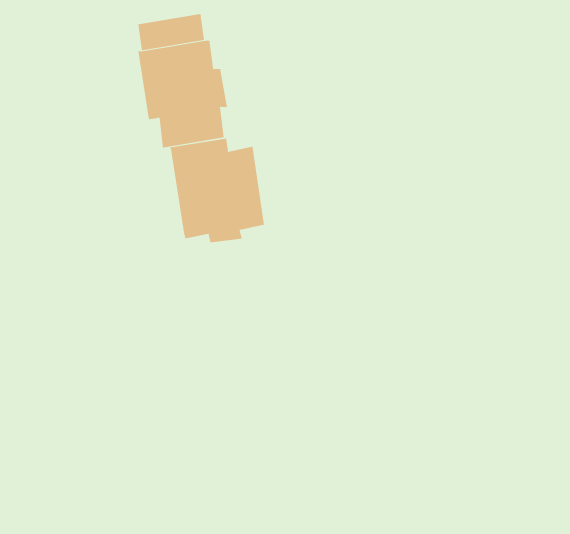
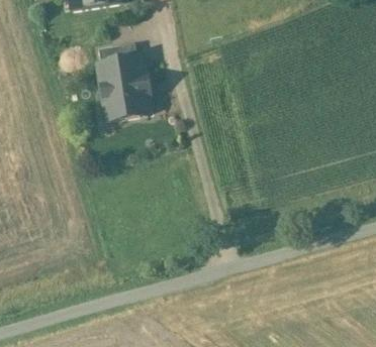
building: [170,138,265,243] -> none

